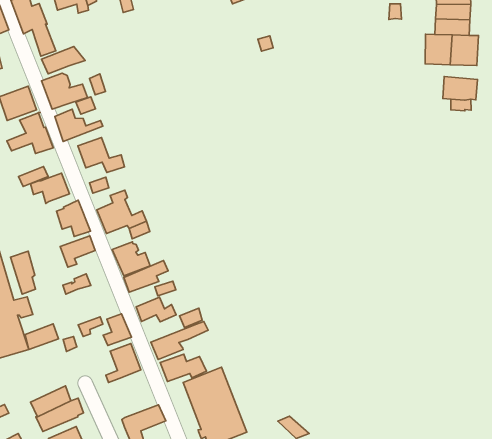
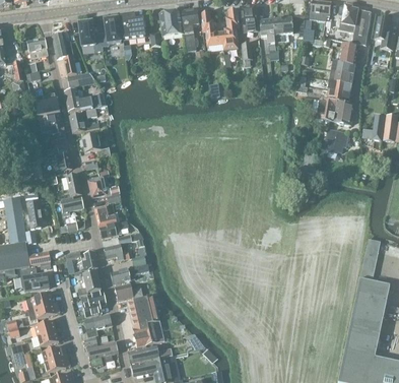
building: none -> [19,267,49,290]
building: none -> [82,291,107,316]

